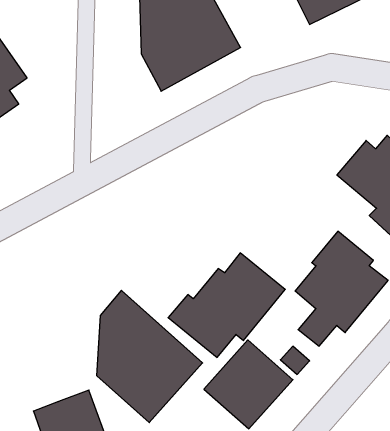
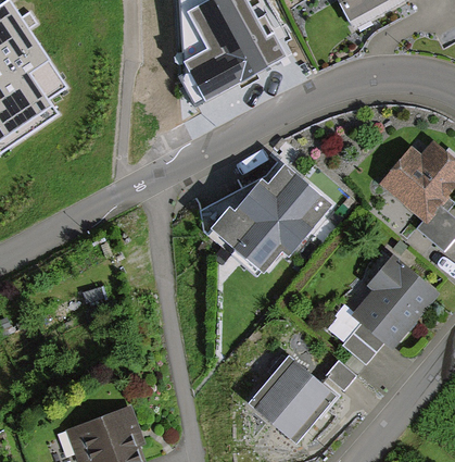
building: [168,253,285,357] -> [212,165,333,274]
building: [97,290,203,423] -> none

